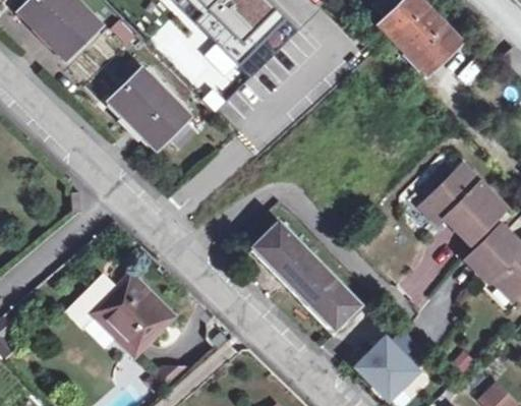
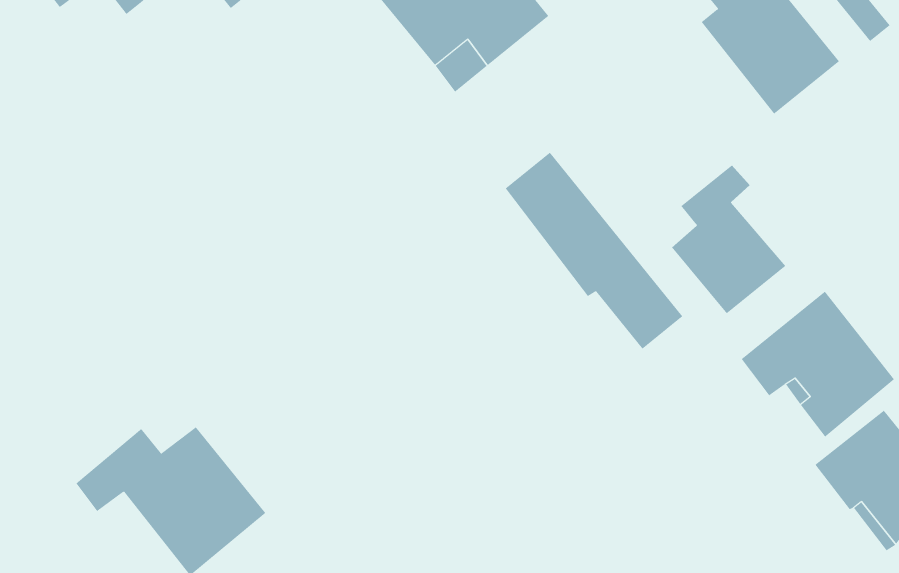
building: [113,69,188,146] -> none
building: none -> [671,164,786,314]
building: [255,223,359,325] -> [505,152,683,349]

